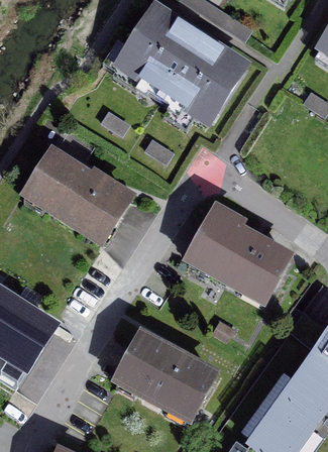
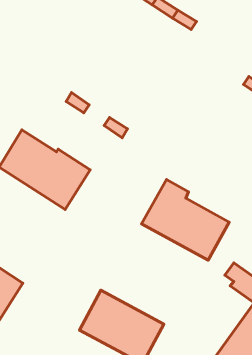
building: [119,7,243,117] -> none

